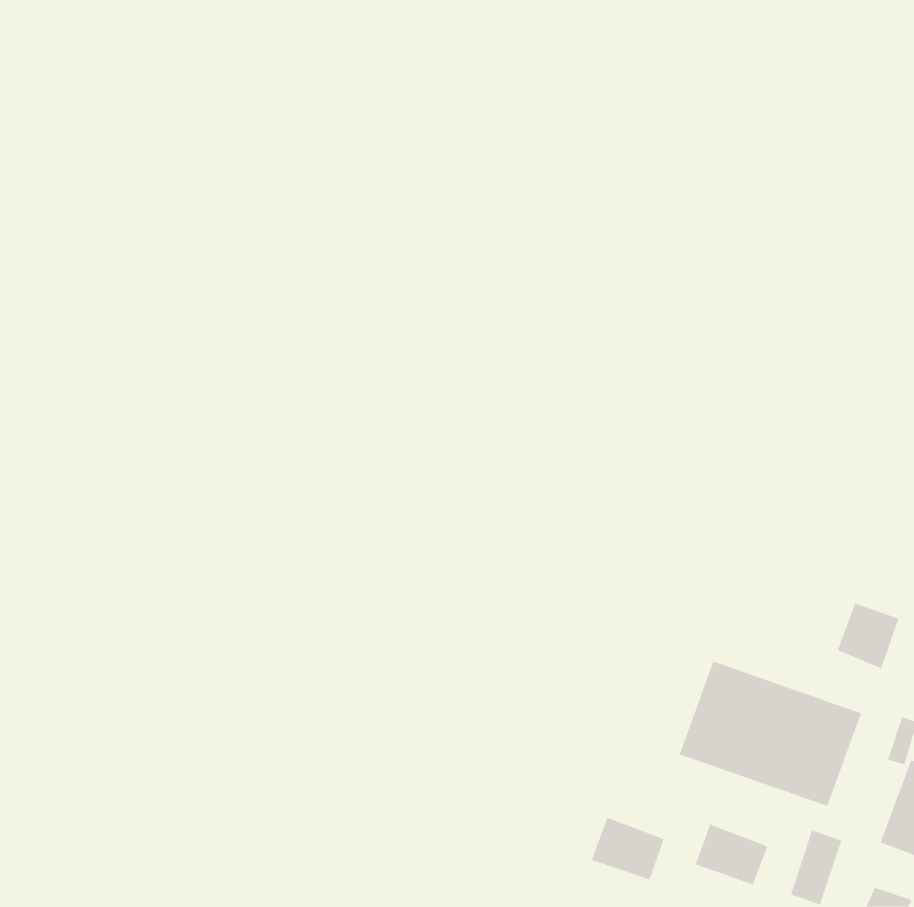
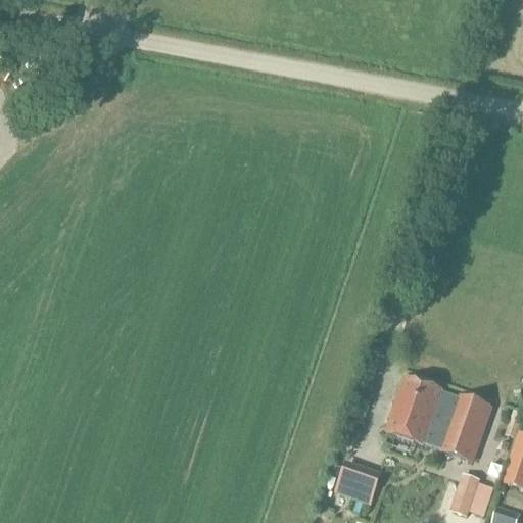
building: [837,603,899,669] -> none
building: [695,823,768,885] -> none

